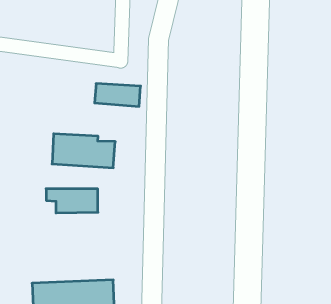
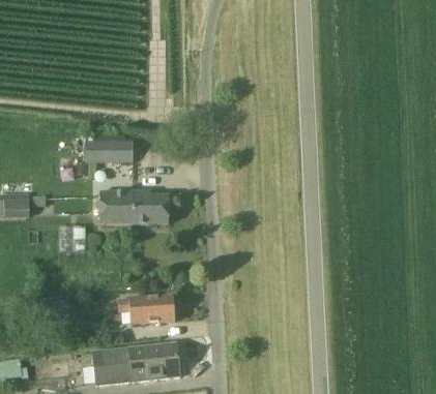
building: [95,84,141,106] -> [85,140,133,161]
building: [46,189,98,213] -> [117,295,174,324]

